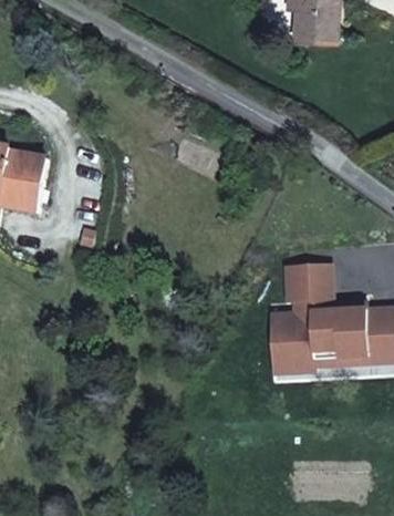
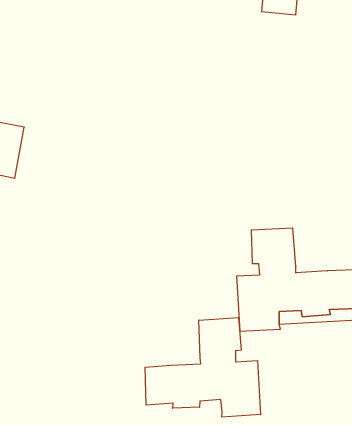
building: none -> [145,317,261,417]

